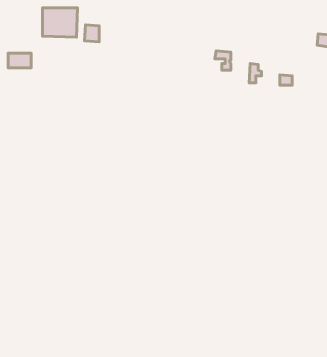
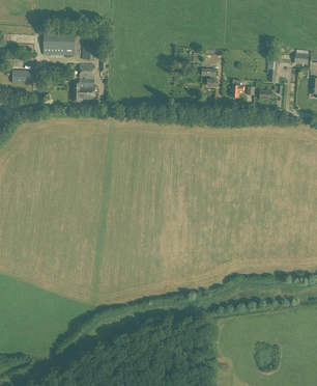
building: none -> [74,63,94,101]

